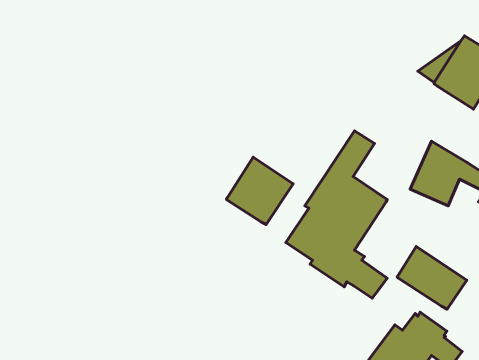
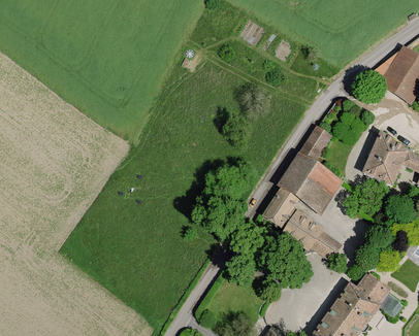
building: [227,157,293,224] -> none
building: [397,247,467,309] -> none

